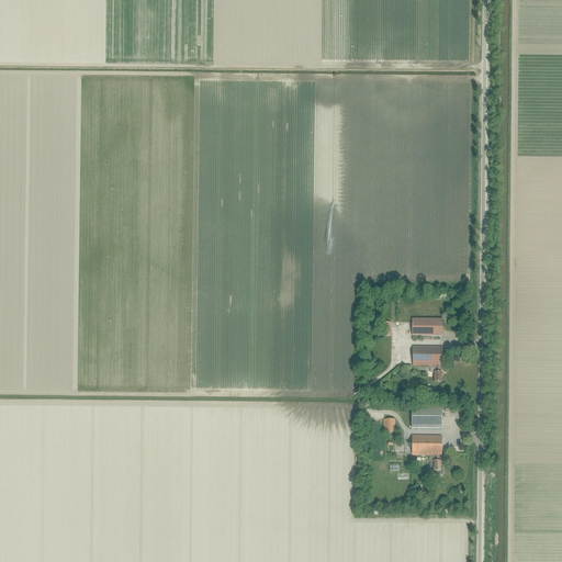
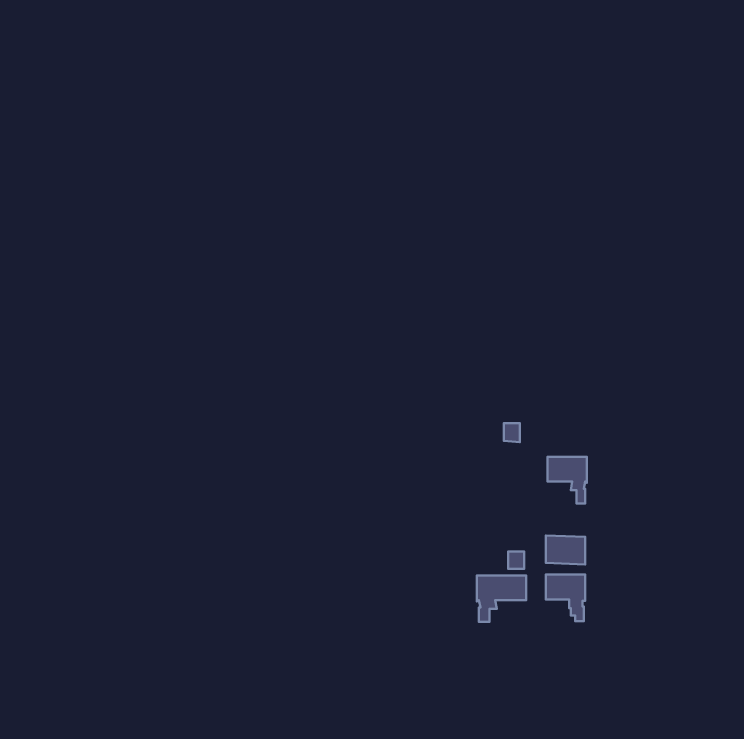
building: [412,316,442,334] -> none
building: none -> [477,576,526,622]

